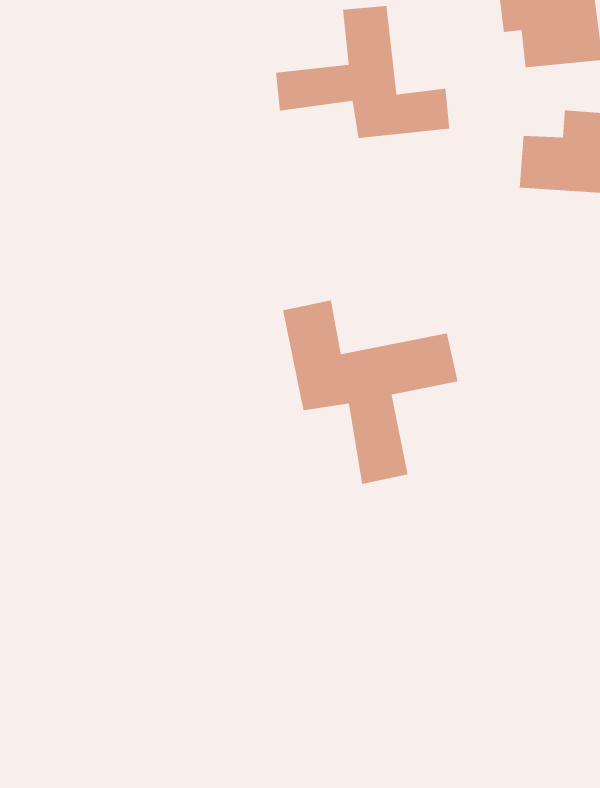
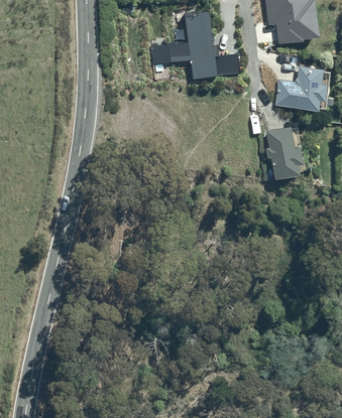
building: none -> [265,125,306,178]
building: [282,299,458,485] -> none

